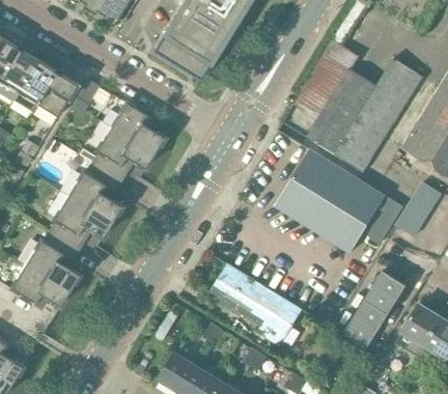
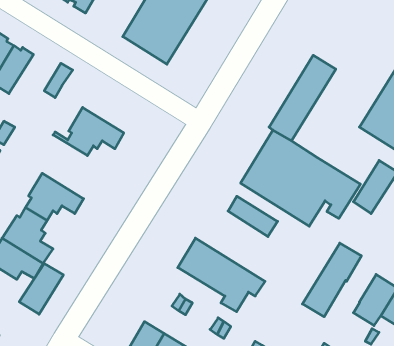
building: [331,59,422,179] -> none
building: [32,71,77,118] -> none
building: [110,103,164,153] -> none
building: [67,156,121,223] -> none
building: none -> [228,196,278,237]
building: none -> [19,263,63,314]

